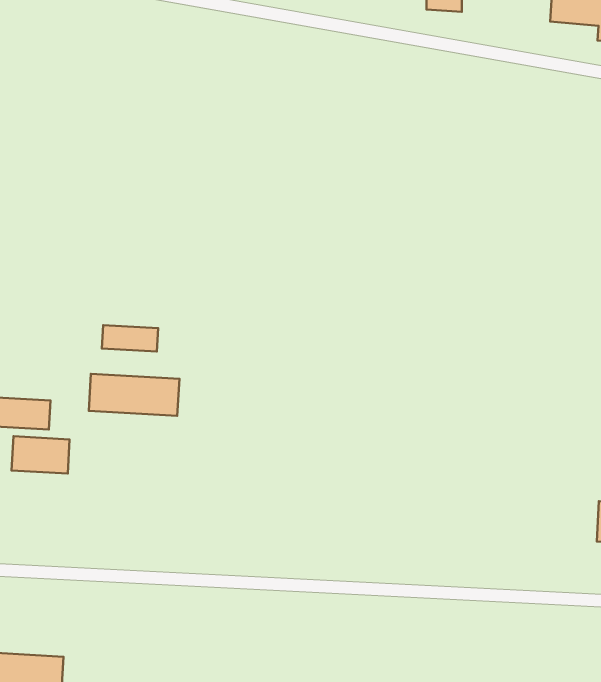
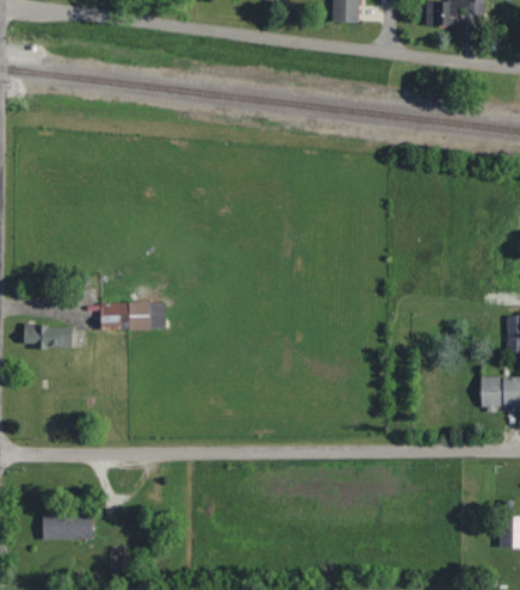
building: [102,325,158,352] -> none
building: [12,436,70,474] -> none

